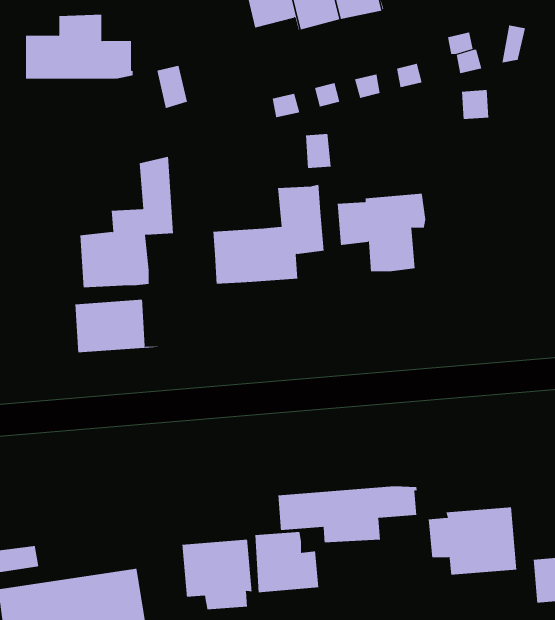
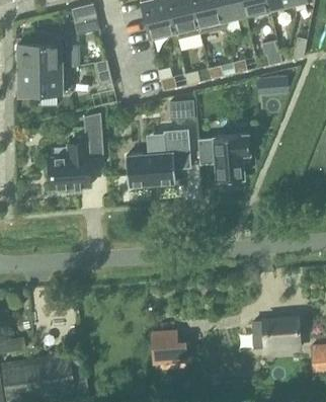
building: none -> [17,69,70,106]
building: [75,299,158,353] -> none
building: [278,486,417,543] -> none
building: [182,539,252,610] -> none

